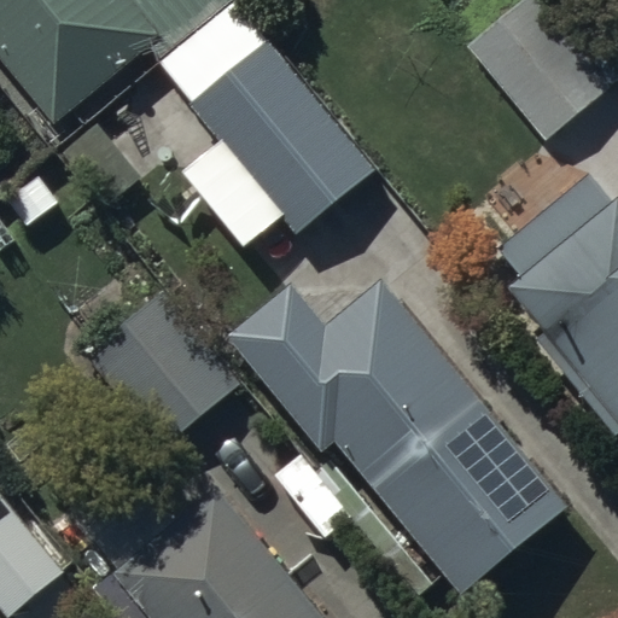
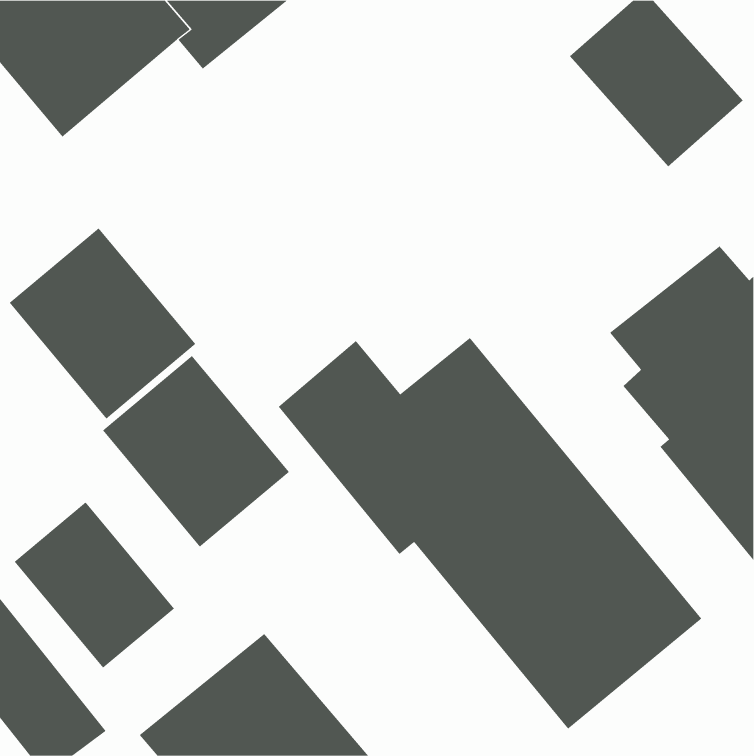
building: [193,63,375,253] -> none
building: none -> [9,227,196,419]
building: none -> [14,502,175,669]

